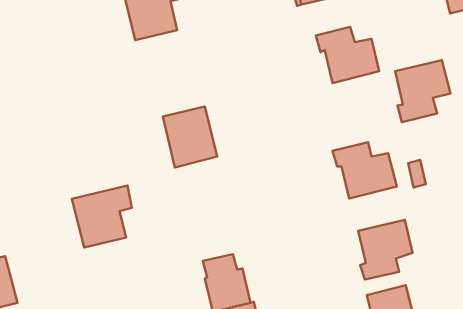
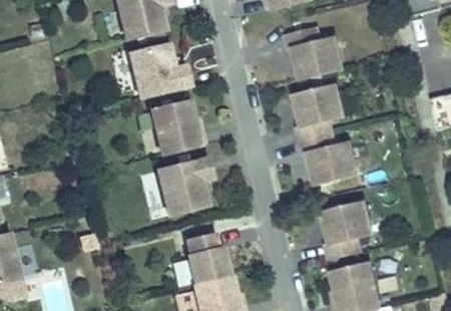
building: none -> [127,43,188,97]
building: [395,60,451,122] -> [297,83,347,139]
building: [72,186,132,248] -> [156,157,210,213]

